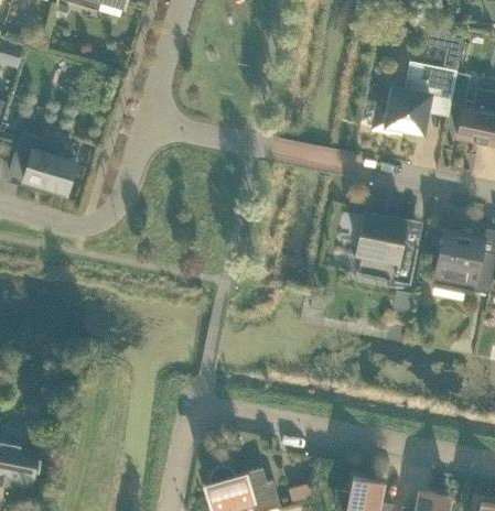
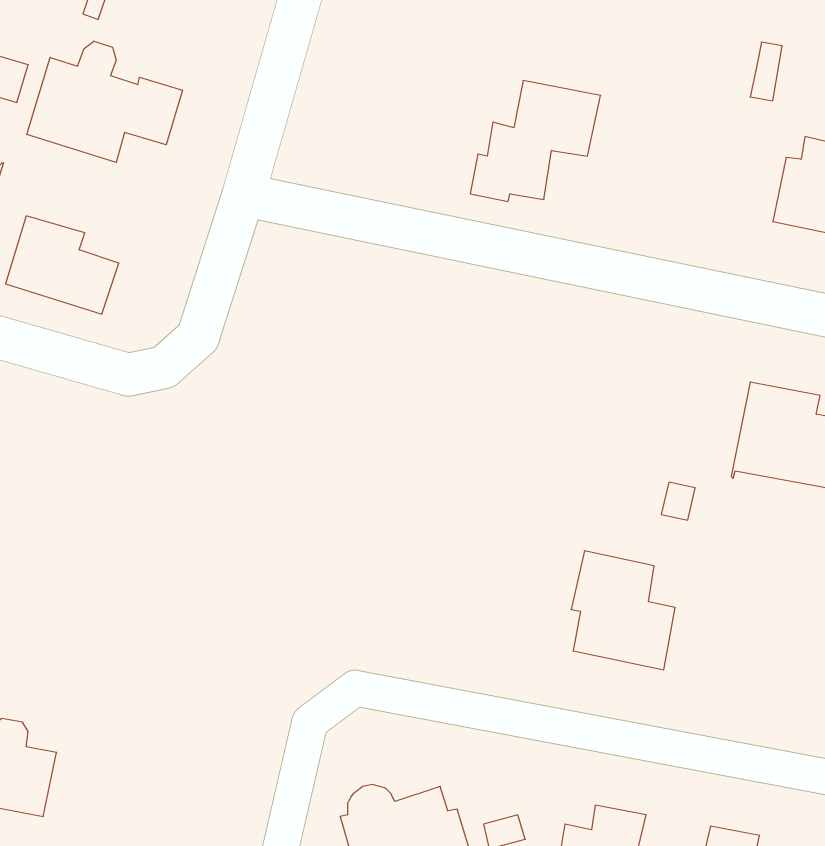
building: none -> [27,41,183,162]
building: [380,62,456,132] -> [470,80,601,201]
building: [357,215,418,284] -> [571,551,675,670]

